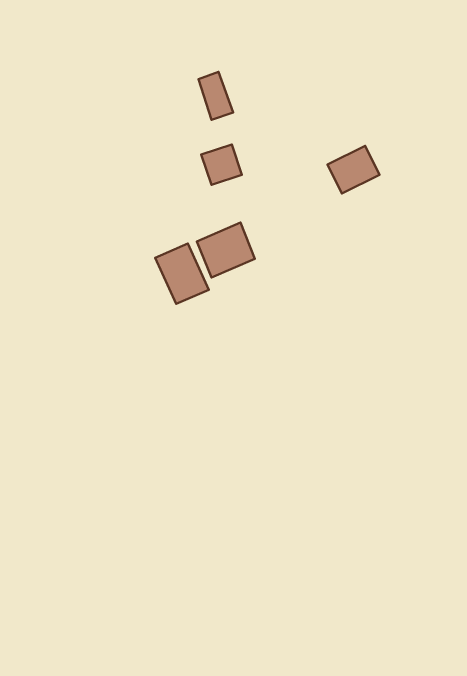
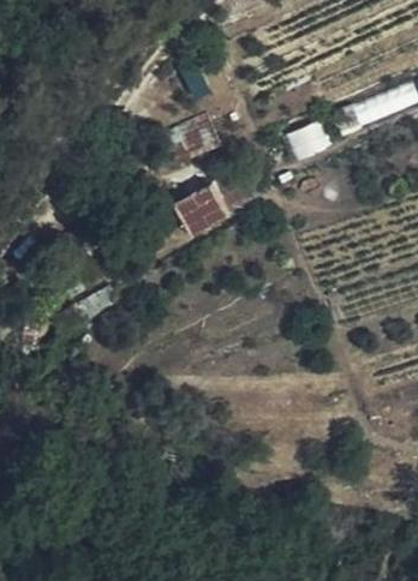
building: [155,244,209,304] -> none

